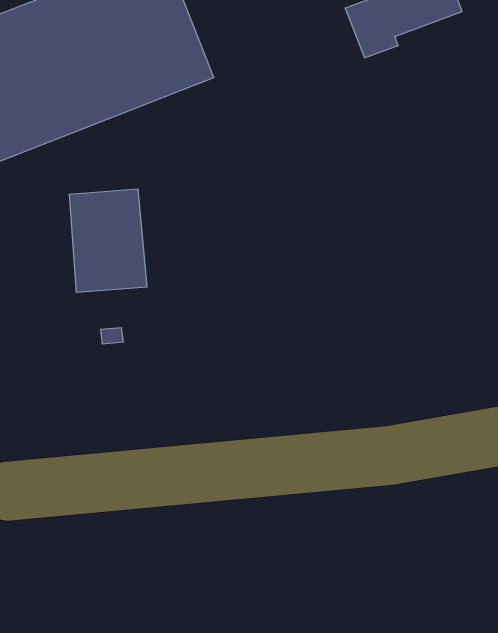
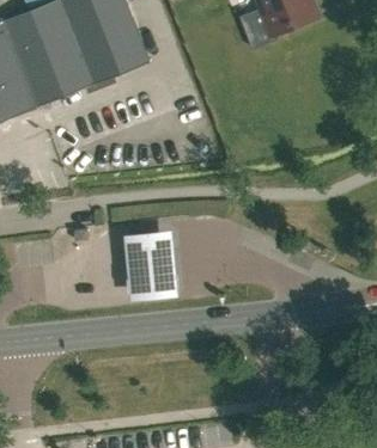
building: [69,189,147,292] -> [128,237,181,306]

